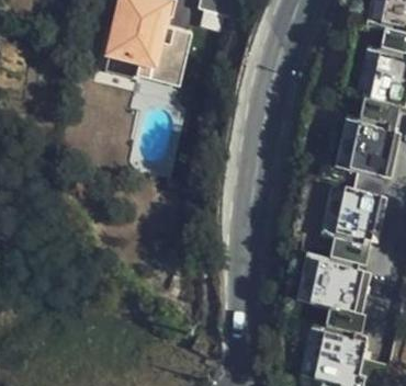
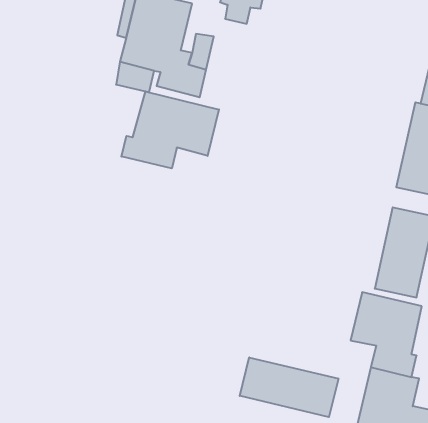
building: none -> [121,91,219,168]
building: none -> [240,357,338,417]

